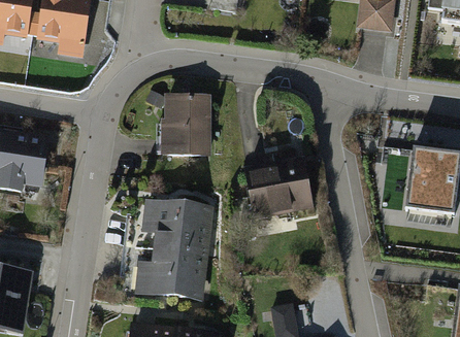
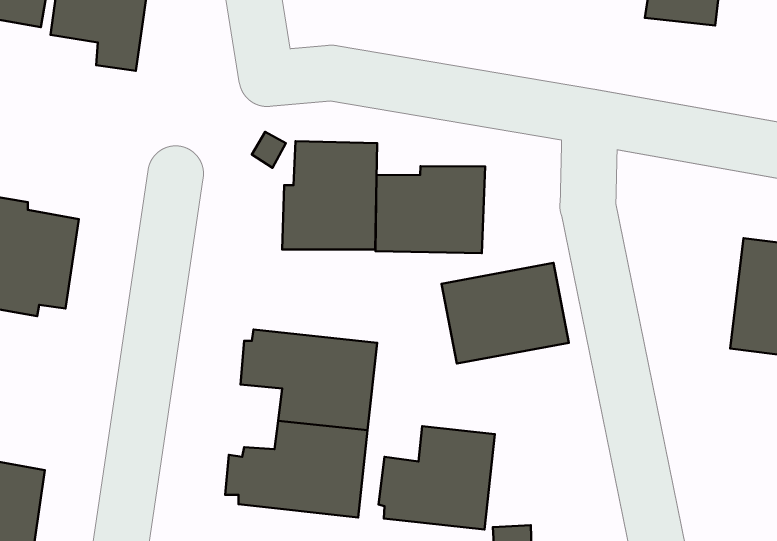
building: none -> [376,166,485,253]
building: none -> [379,426,495,530]

